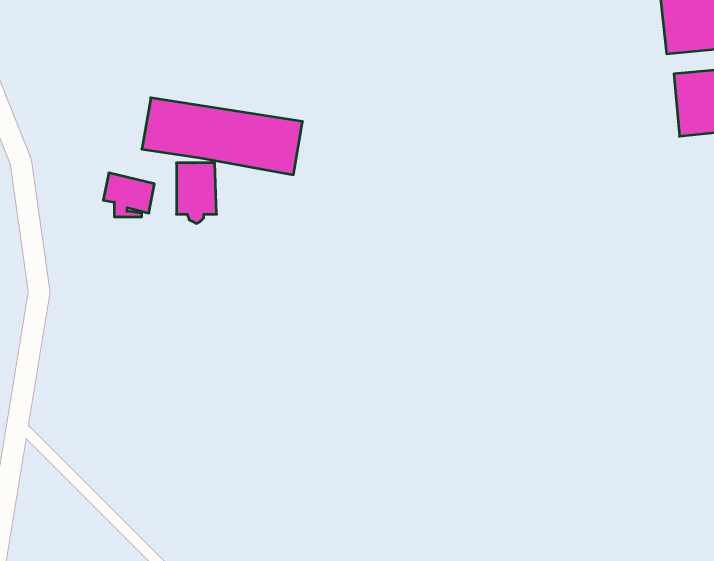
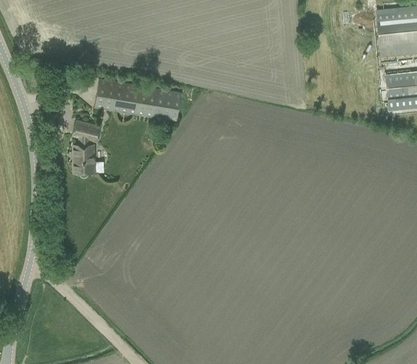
building: [176,163,217,223] -> [72,145,94,178]

